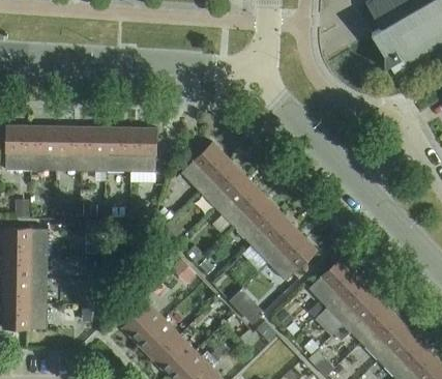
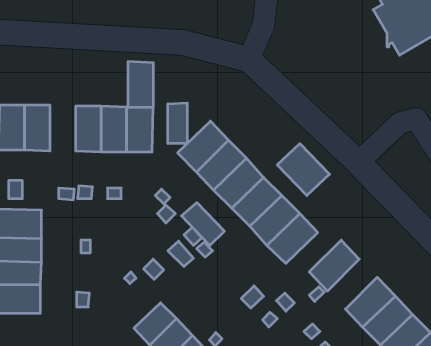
building: none -> [168,103,187,144]
building: [56,125,81,170] -> [128,62,153,107]
building: none -> [277,144,330,196]
building: none -> [181,203,224,245]
building: [326,275,375,324] -> none
building: [121,301,164,343] -> none

